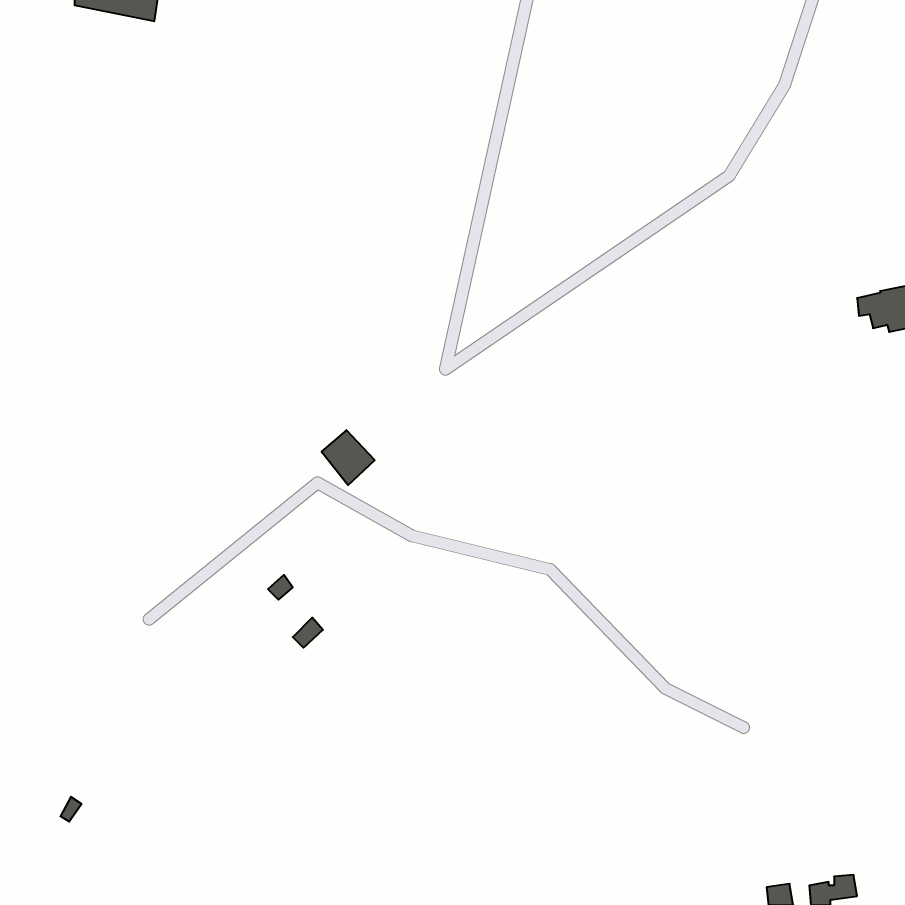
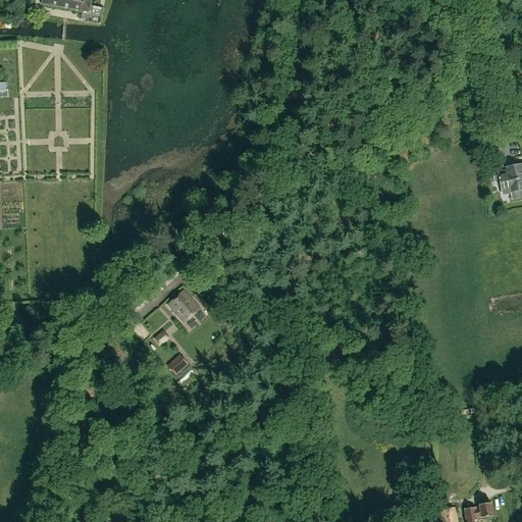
building: [322,430,375,485] -> [170,291,201,322]

